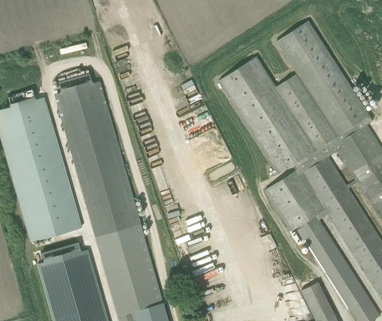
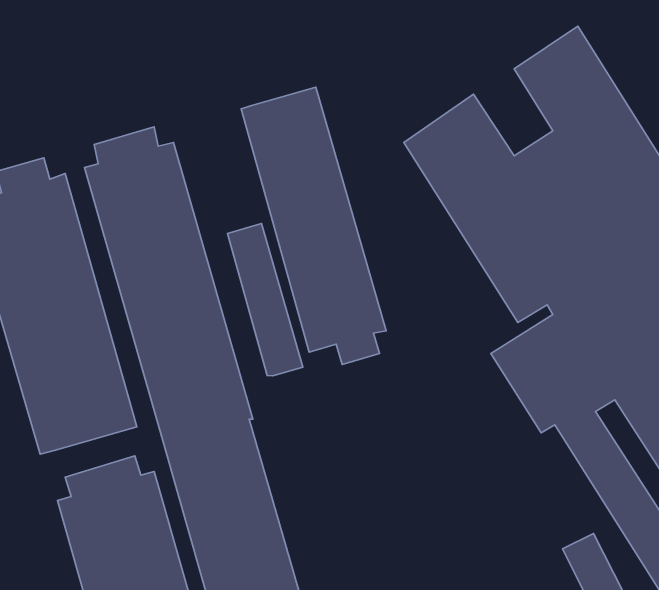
building: none -> [241,87,386,365]
building: none -> [227,224,303,376]

